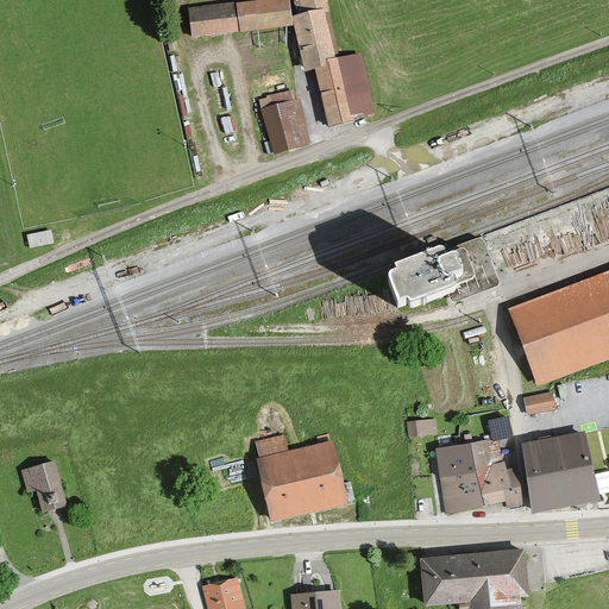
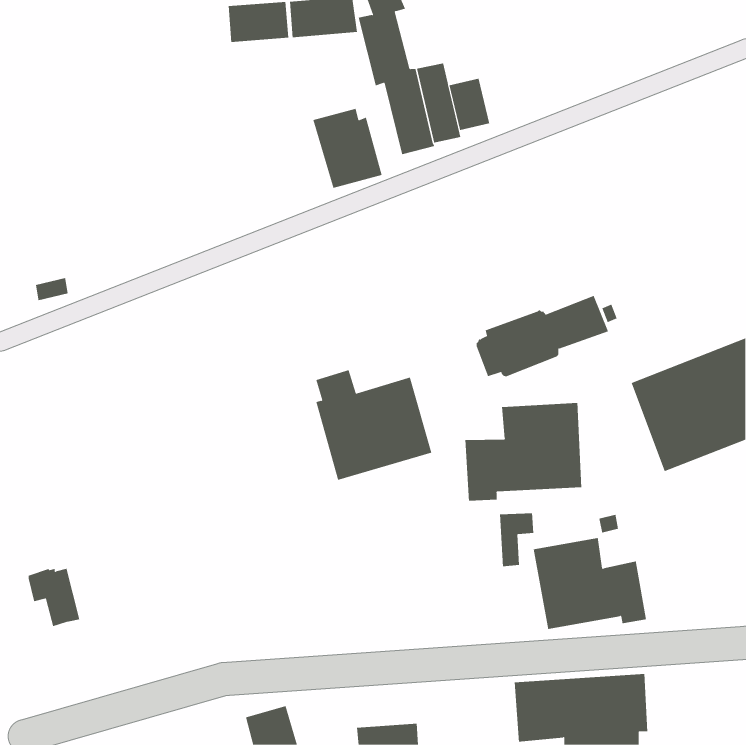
building: none -> [449,78,490,131]
building: none -> [465,402,582,502]
building: [522,388,555,415] -> none
building: [521,431,599,511] -> none
building: [255,432,350,522] -> [316,370,432,481]

